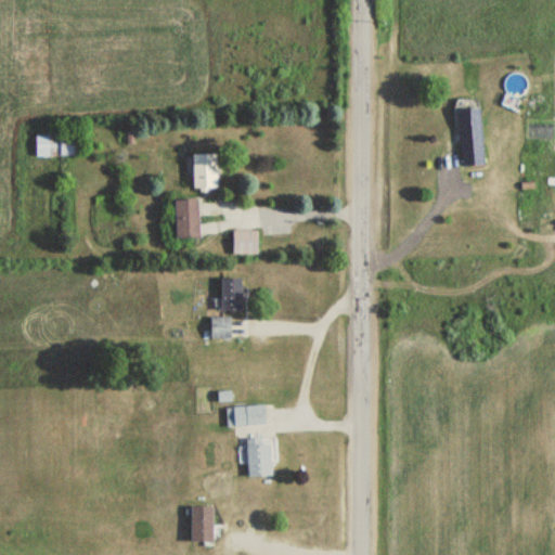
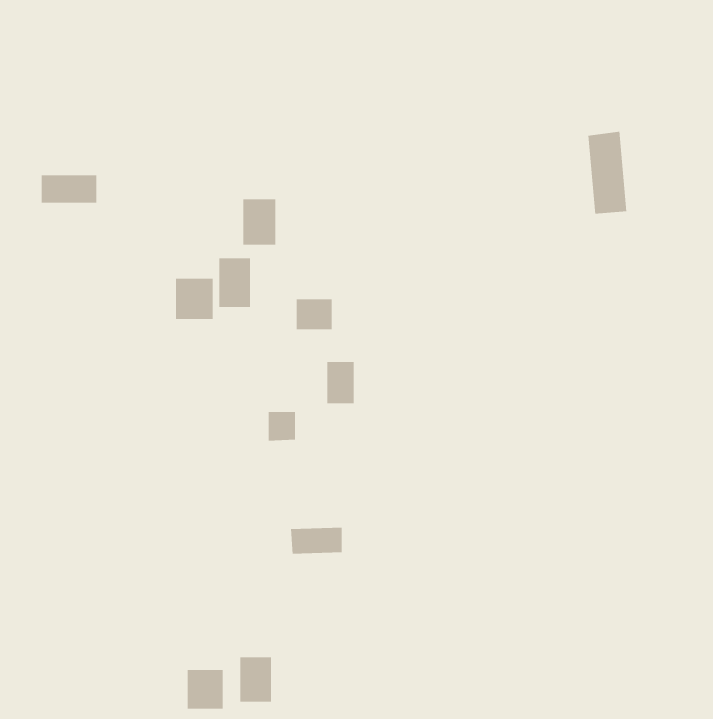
building: none -> [175,278,213,320]
building: [222,278,244,310] -> [326,362,355,404]
building: [248,442,275,476] -> none
building: none -> [187,669,223,709]

